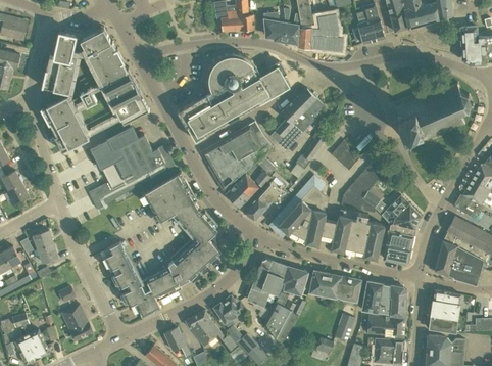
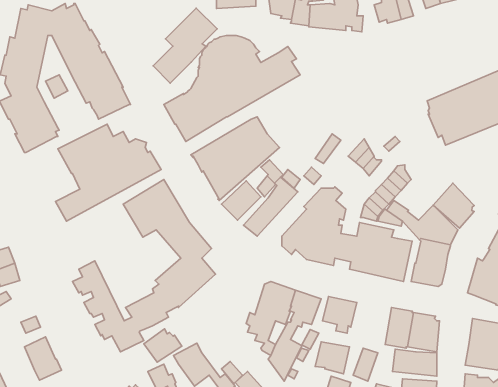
building: [269,88,323,150] -> [153,8,217,83]
building: none -> [433,183,474,228]
building: [332,276,360,303] -> [315,342,350,374]
building: [213,295,245,323] -> [144,329,182,362]

